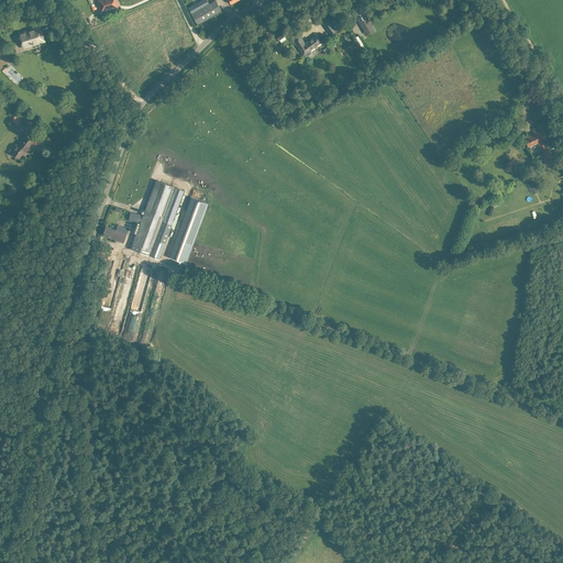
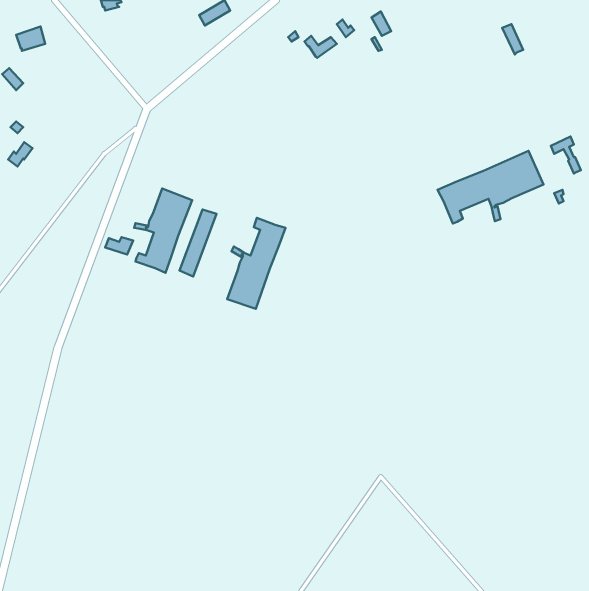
building: none -> [437,151,544,223]
building: none -> [227,218,286,309]

